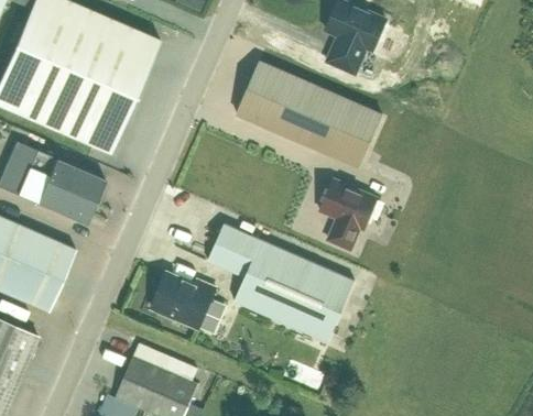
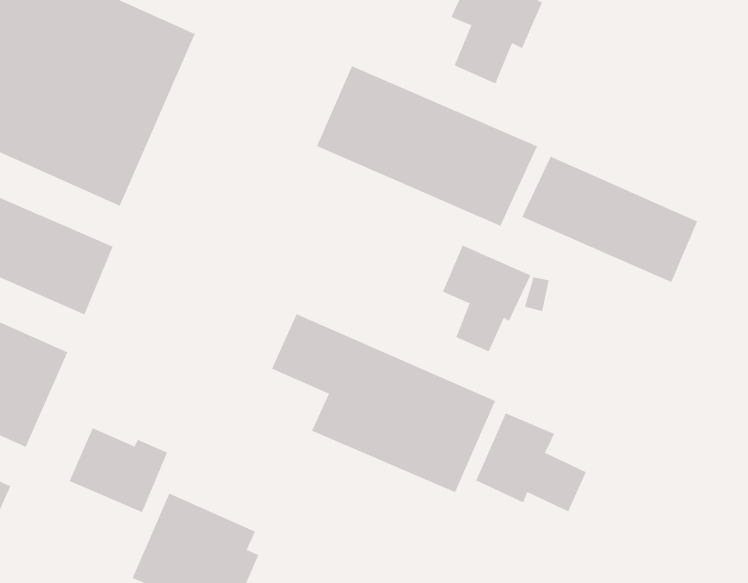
building: none -> [522,156,698,283]
building: [151,273,216,329] -> [69,427,168,513]
building: none -> [476,413,587,512]

